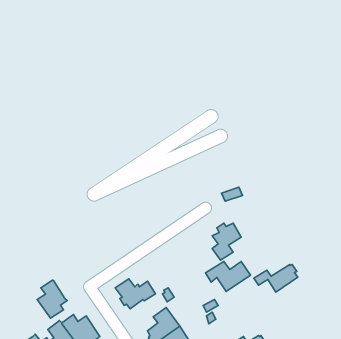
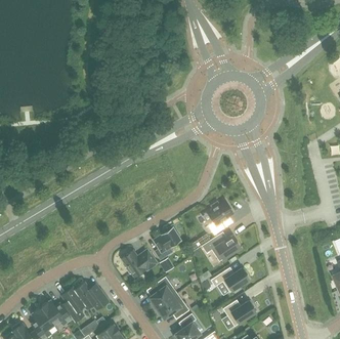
building: none -> [153,224,179,259]
building: [254,264,298,292] -> [209,267,248,292]
building: [37,280,67,318] -> none

